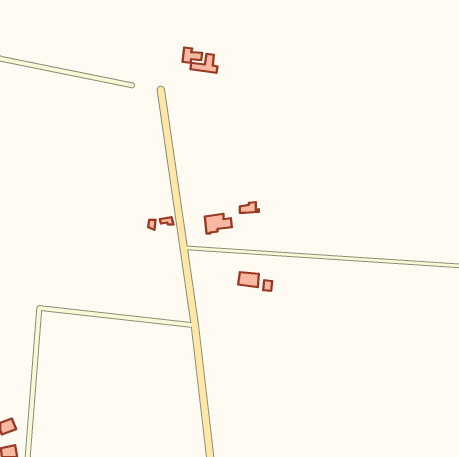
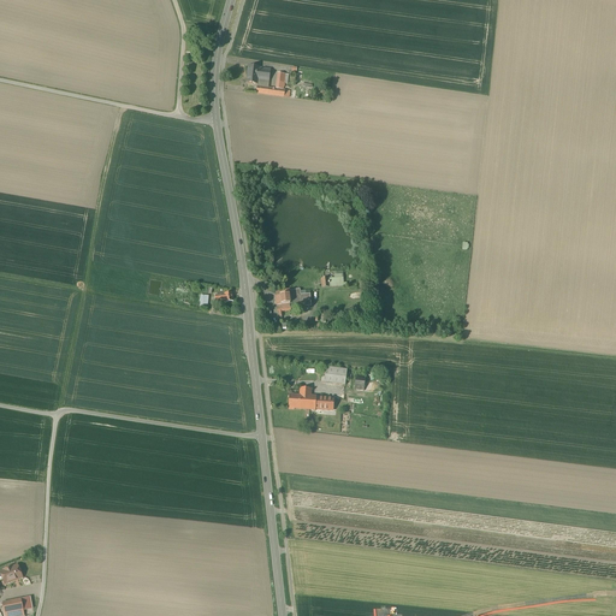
building: none -> [288,385,332,409]

